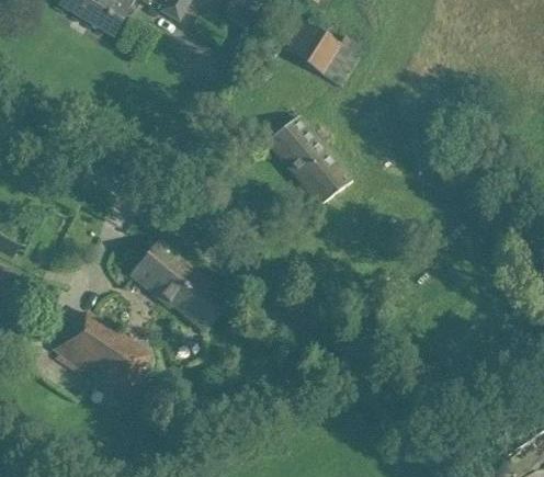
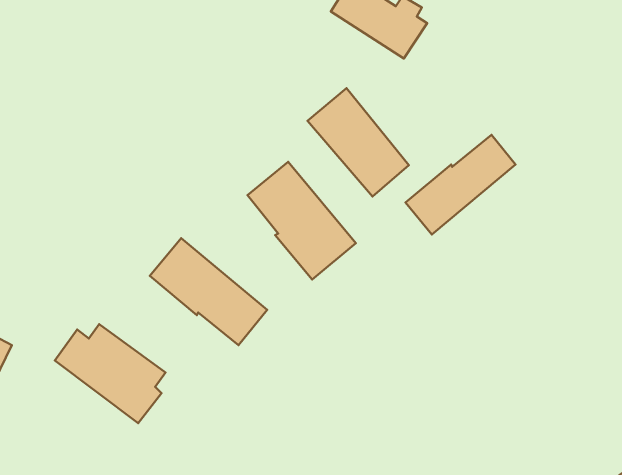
building: none -> [406,135,515,234]
building: none -> [247,162,356,279]

